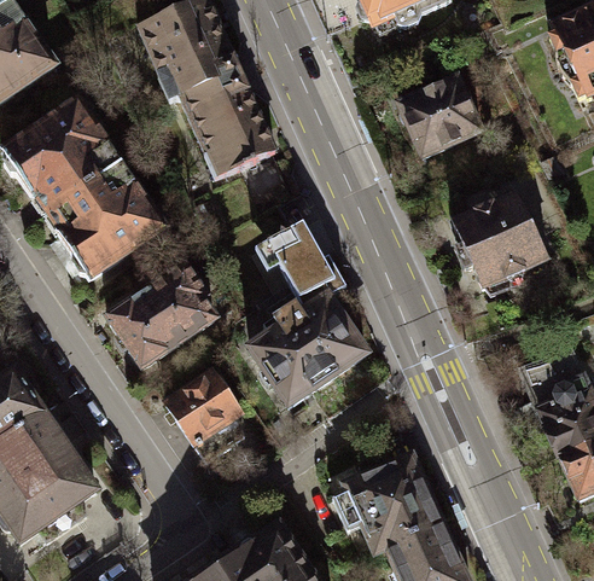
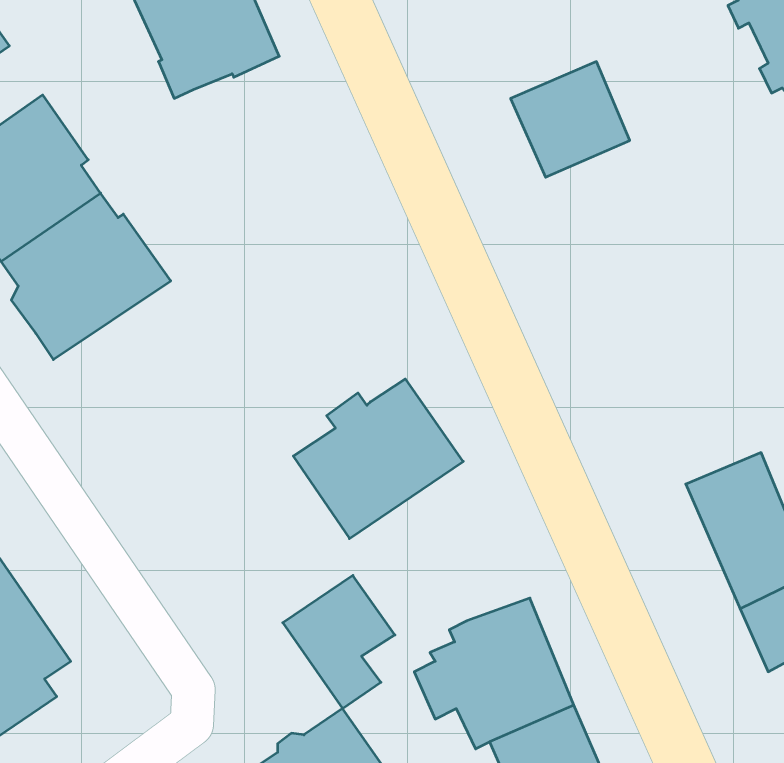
building: [181,72,274,181] -> none
building: [453,193,554,295] -> none
building: [256,221,346,310] -> none
building: [106,263,215,367] -> none
building: [164,370,241,461] -> [283,575,395,709]

